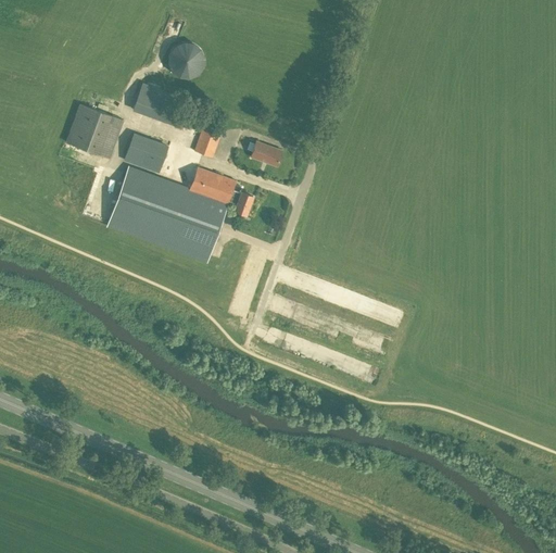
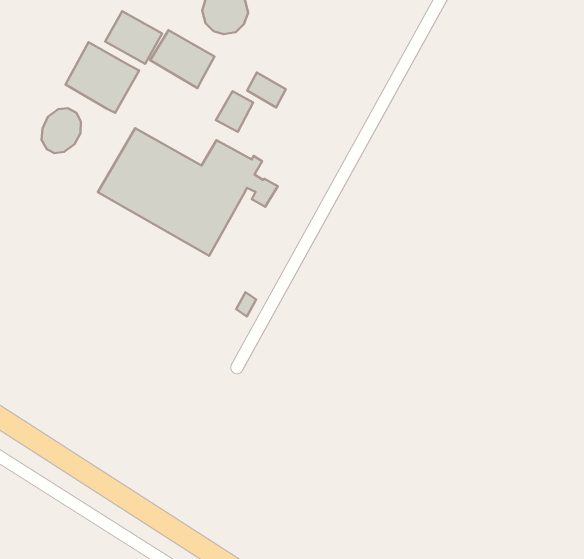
building: [123,134,168,174] -> [105,11,162,64]
building: [250,141,281,167] -> [247,72,286,107]
building: none -> [41,108,81,153]

